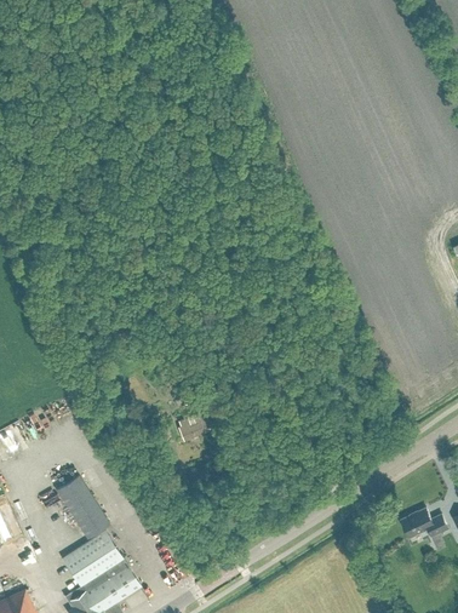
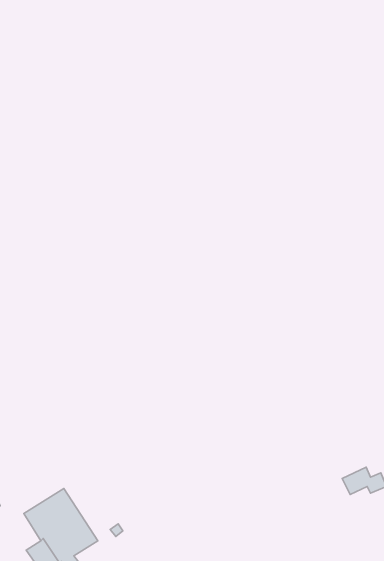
building: [178,416,211,442] -> none
building: [57,476,110,539] -> none

